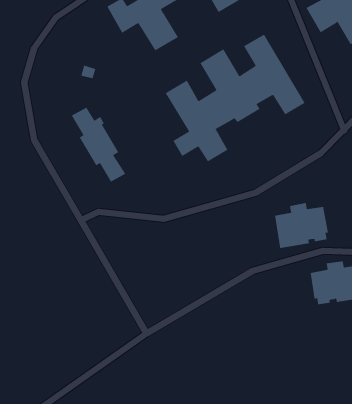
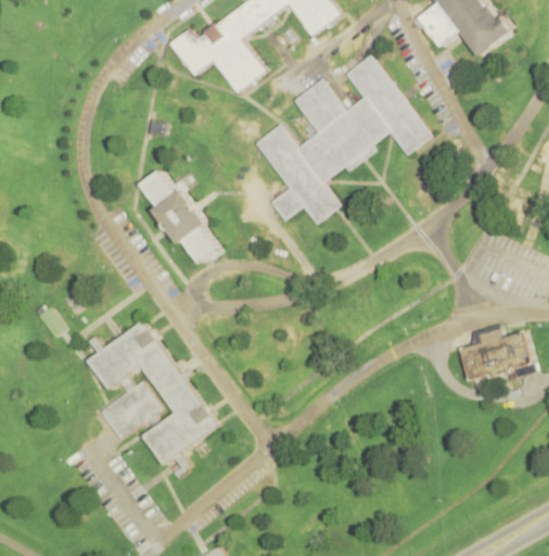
building: [275,202,329,249] -> none
building: none -> [87,320,217,468]
building: none -> [99,380,159,438]

